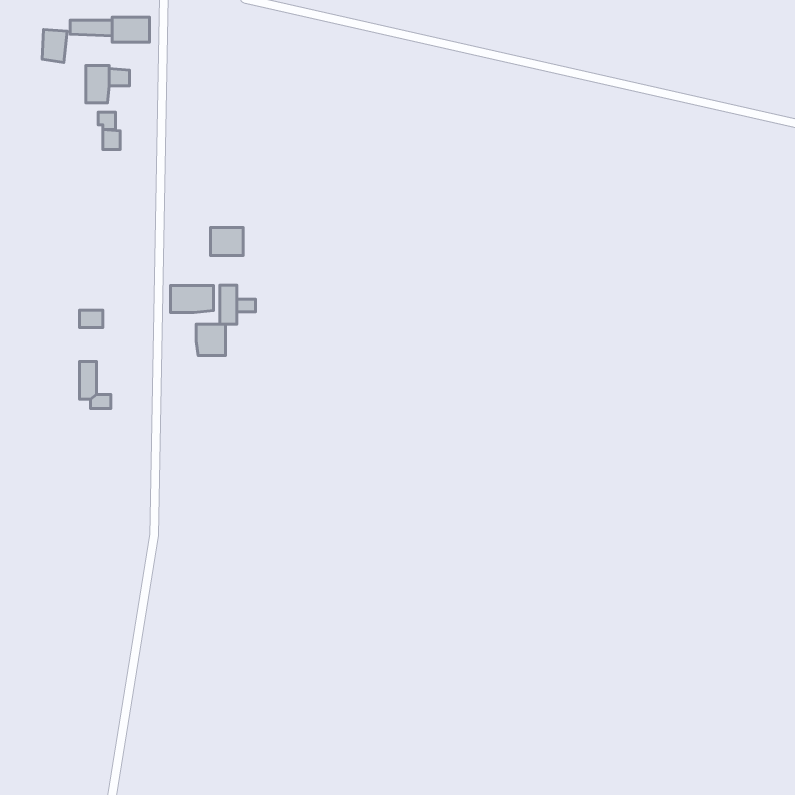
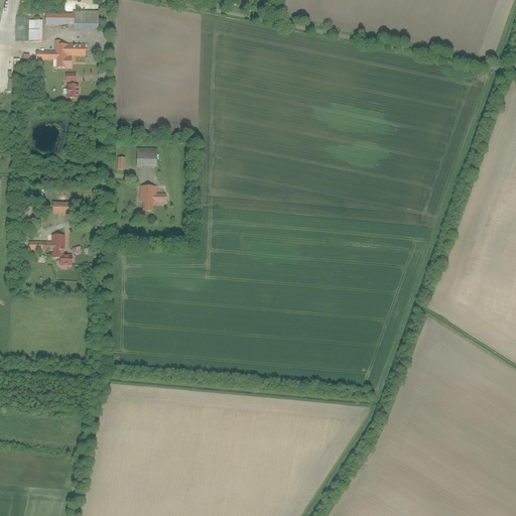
building: [170,285,213,312] -> none
building: [196,324,226,355] -> none

